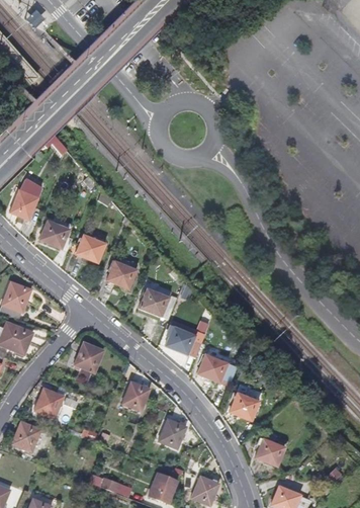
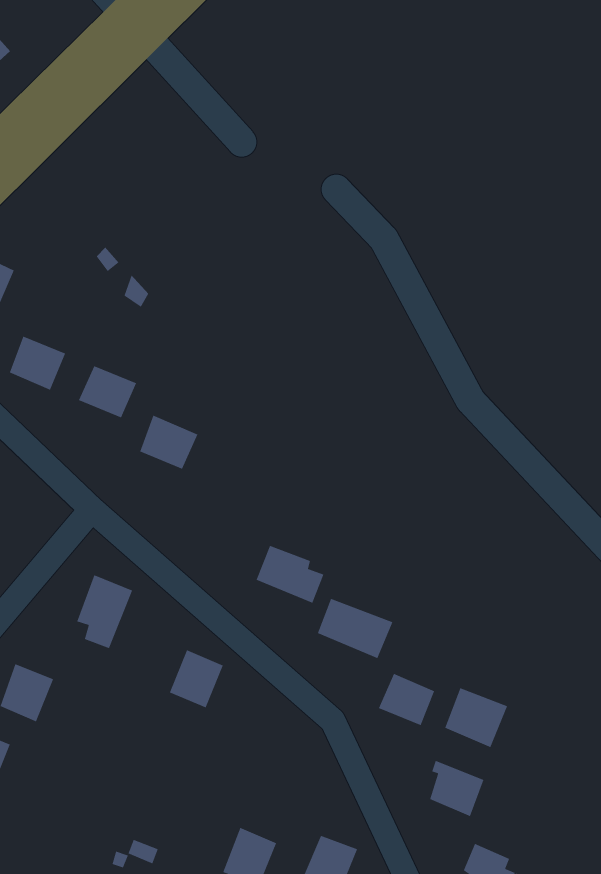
building: [139,288,176,319] -> none
building: none -> [444,687,508,748]
building: [159,419,186,448] -> none

